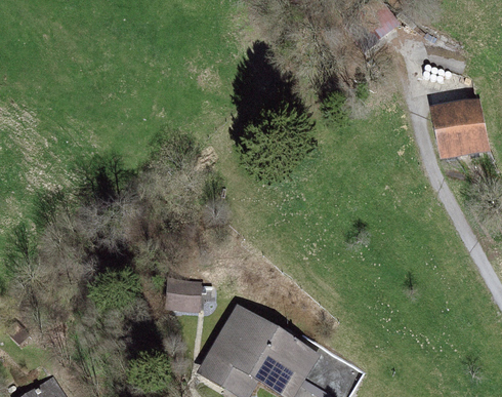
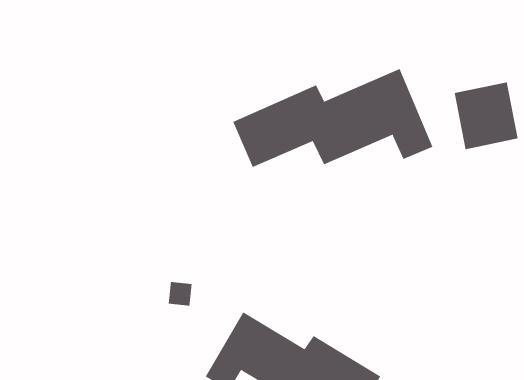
building: none -> [233,68,433,168]

